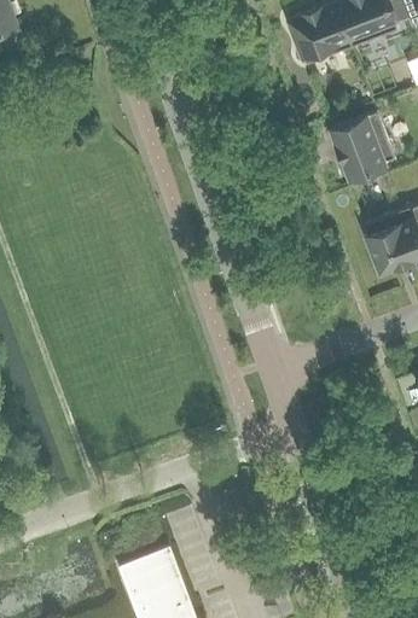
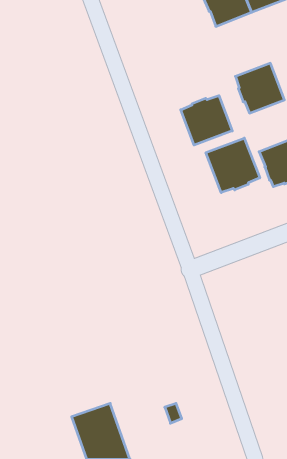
building: none -> [181,96,232,145]
building: none -> [206,138,260,193]

